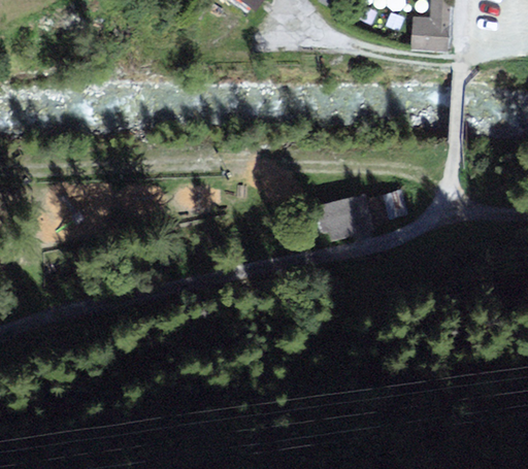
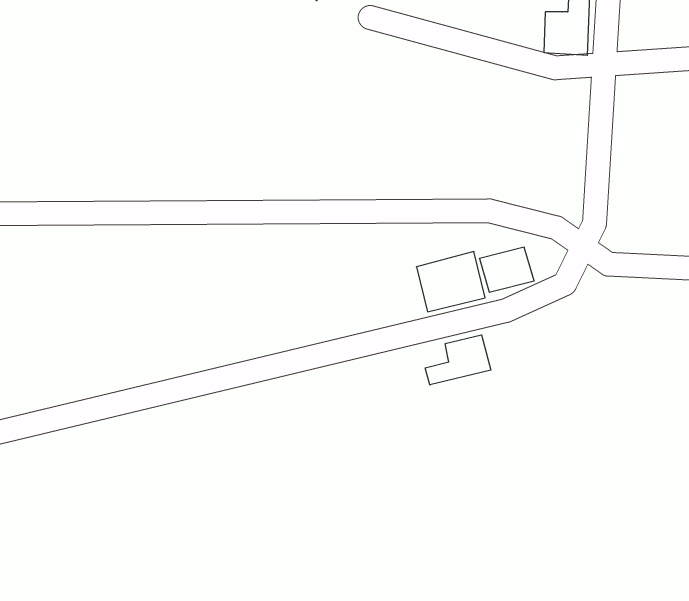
building: none -> [425,335,491,385]

